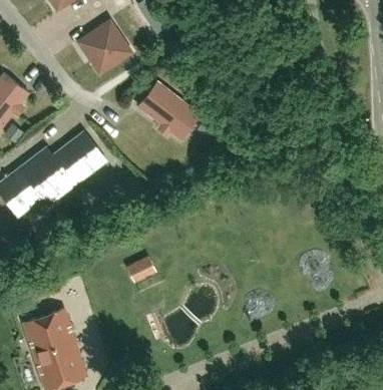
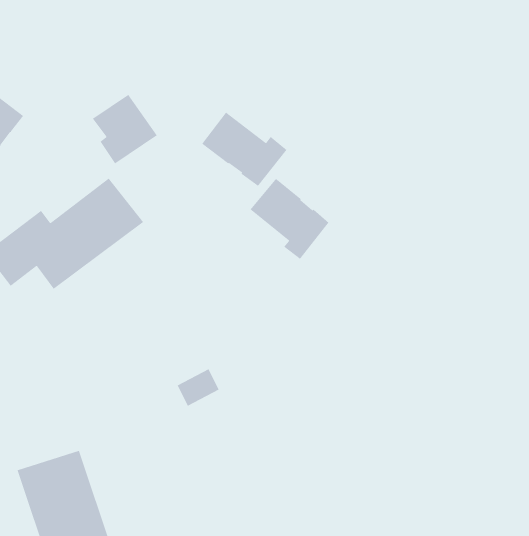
building: [84,23,127,69] -> [92,94,158,165]
building: none -> [250,178,330,260]

